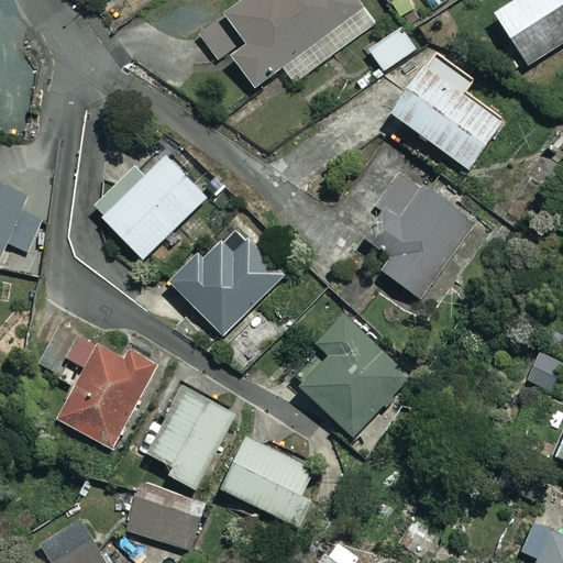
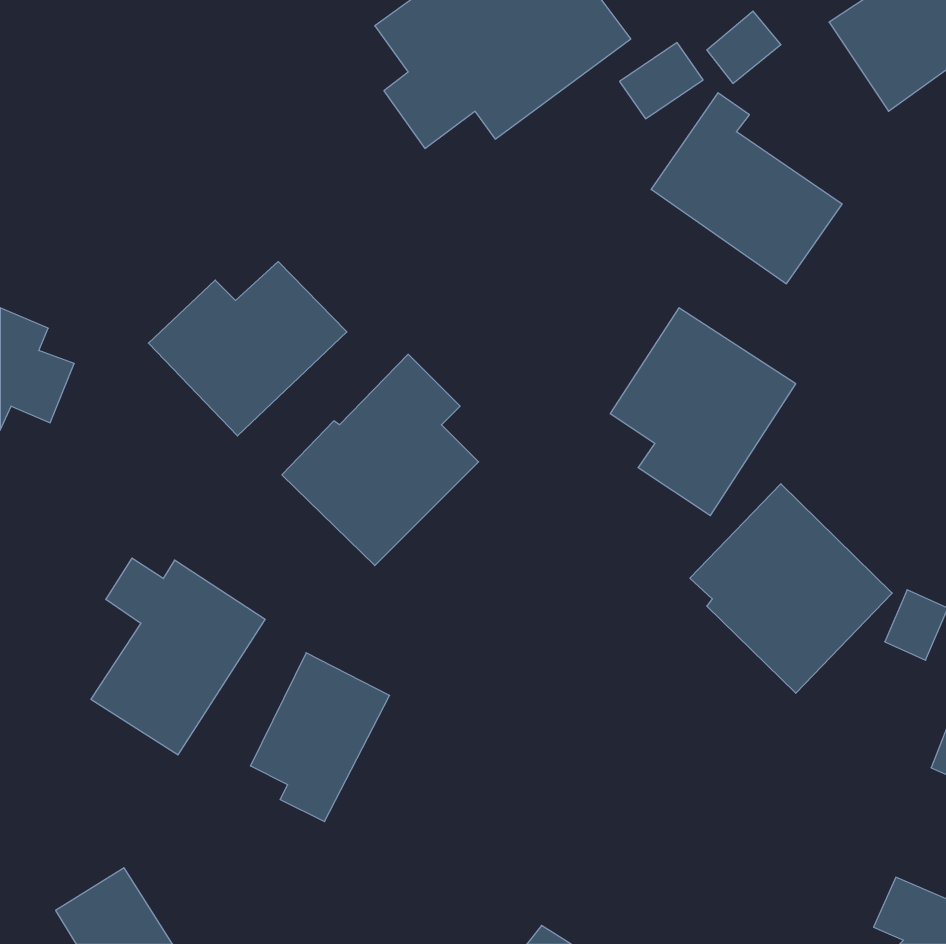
building: [290,313,410,438] -> [690,484,892,693]
building: [220,435,317,528] -> none
building: [126,497,200,550] -> none

